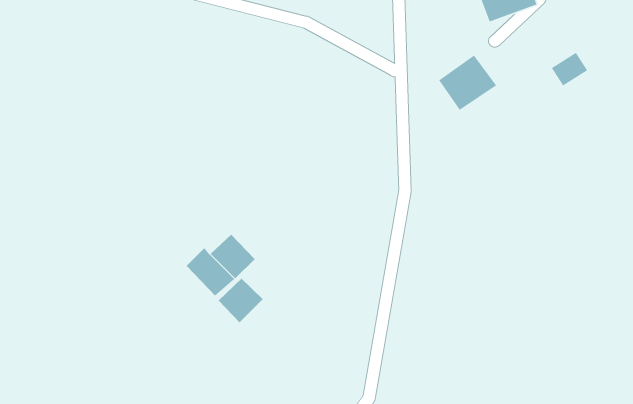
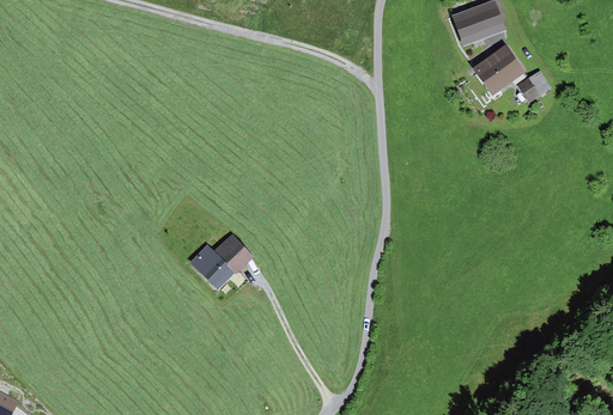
building: [438,55,497,111] -> [472,44,524,94]
building: [218,278,263,323] -> none

